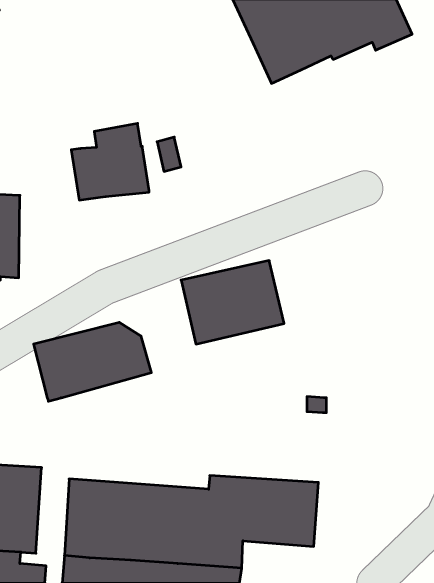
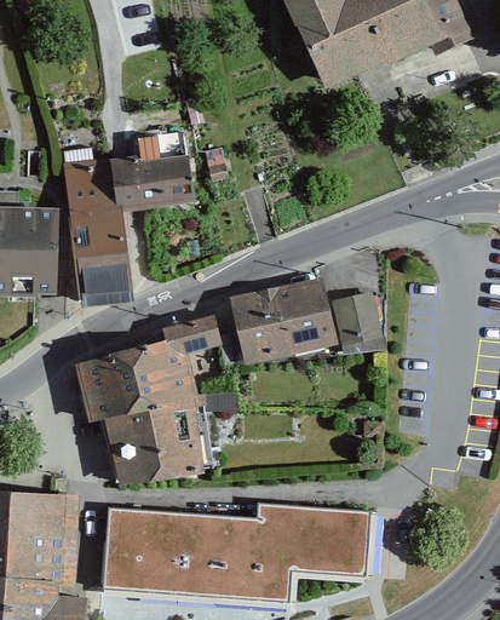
building: none -> [62,159,133,308]
building: none -> [332,292,385,354]
building: none -> [163,316,220,356]
building: none -> [102,392,241,482]

